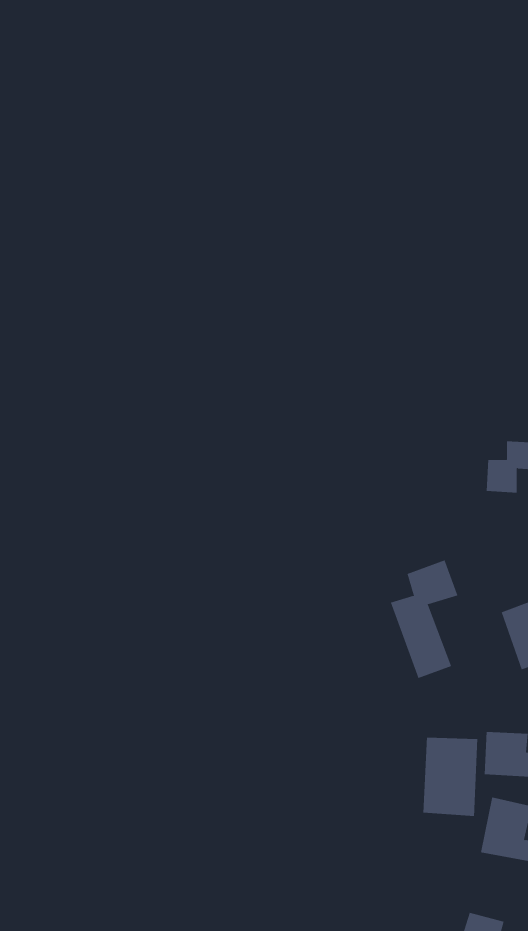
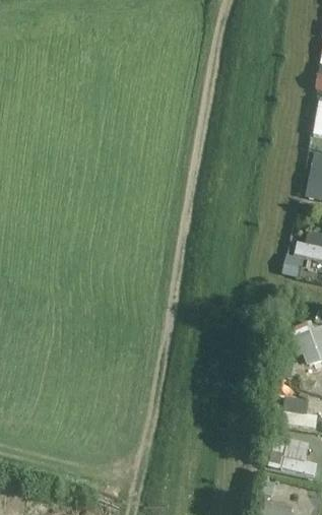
building: [390,560,458,679] -> none
building: [423,737,478,817] -> none

